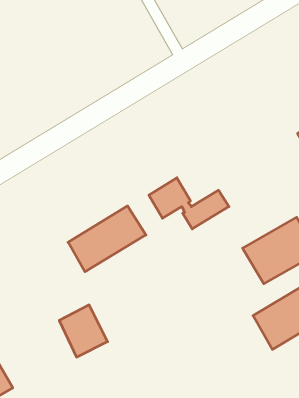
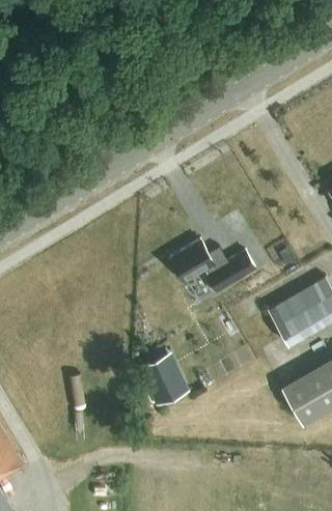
building: [68,206,146,272] -> none
building: [59,305,108,357] -> [140,356,192,411]

